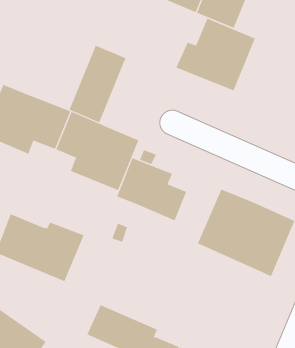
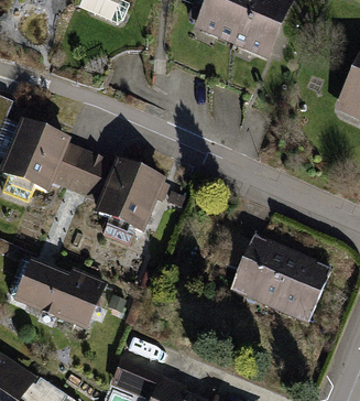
building: [176,18,255,91] -> none
building: [69,45,126,123] -> none
building: [117,158,187,221] -> none

